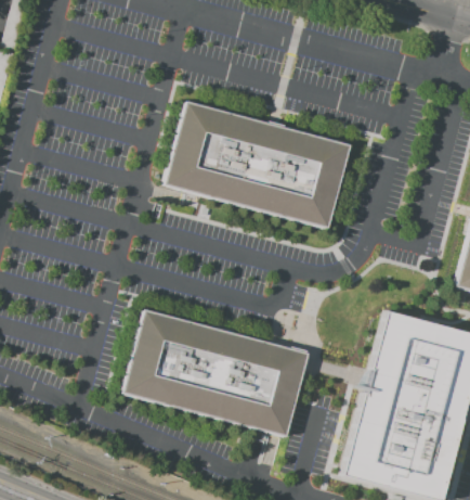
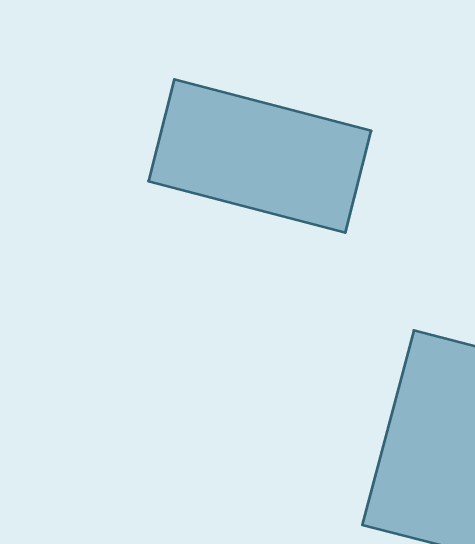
building: [125,309,309,436] -> none

